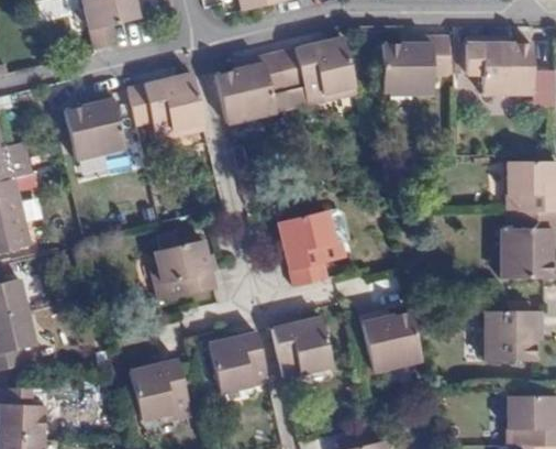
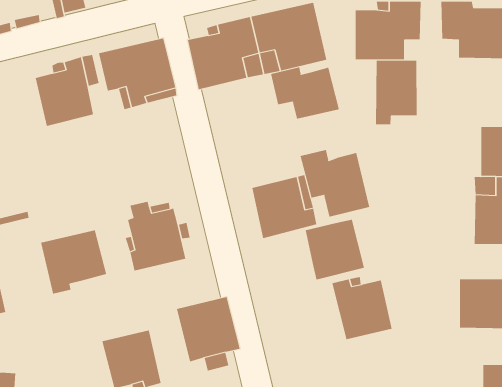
building: none -> [375,60,417,125]
building: none -> [271,67,339,119]
building: none -> [300,149,370,218]
building: none -> [40,229,107,295]
building: [274,317,333,377] -> [305,219,365,280]

